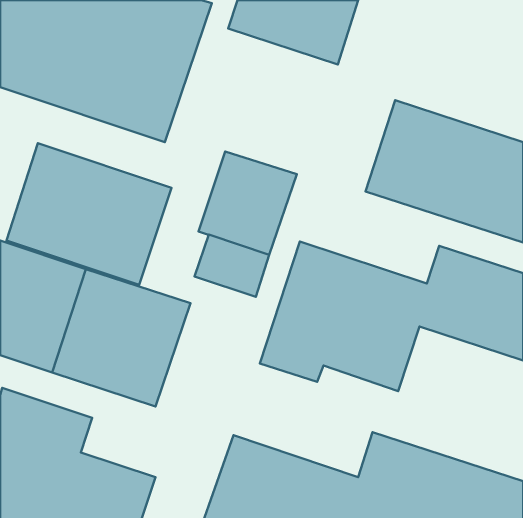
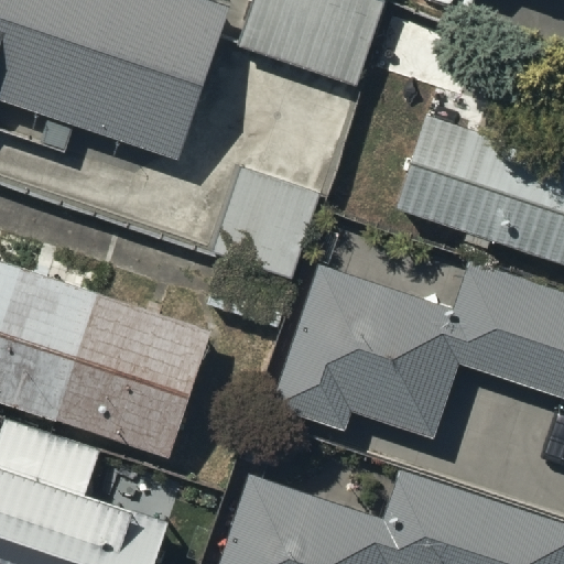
building: [7,143,172,285] -> none

